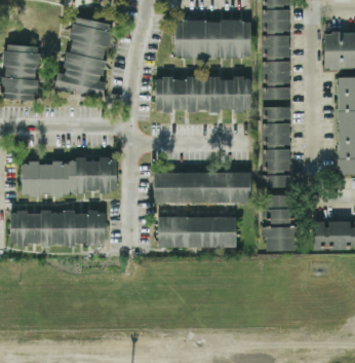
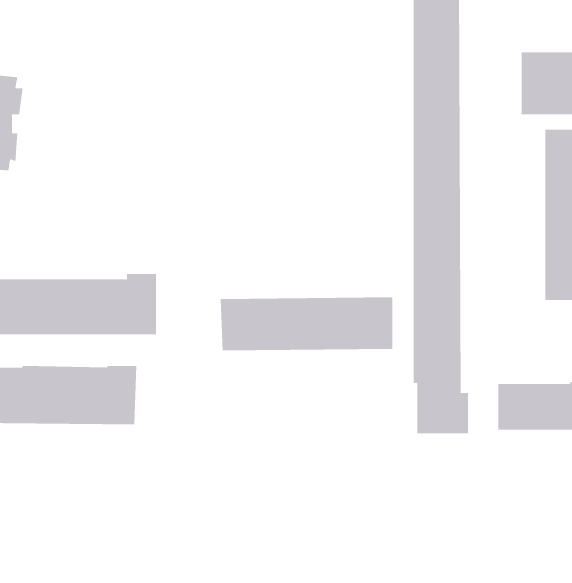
building: [54,16,112,98] -> none
building: [174,20,251,58] -> none
building: [156,76,251,111] -> none
building: [158,216,236,247] -> none

